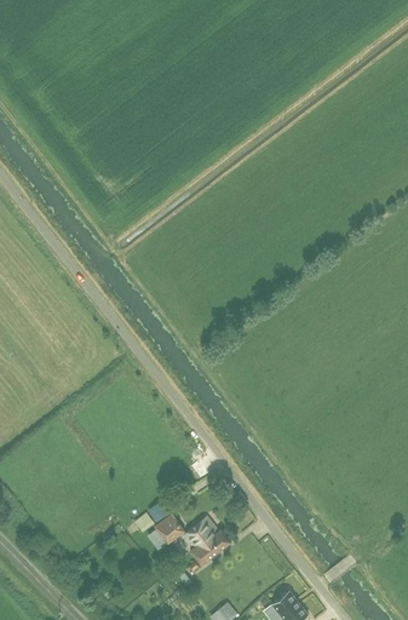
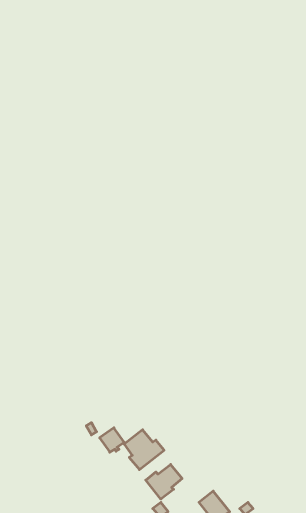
building: none -> [146,464,182,499]

